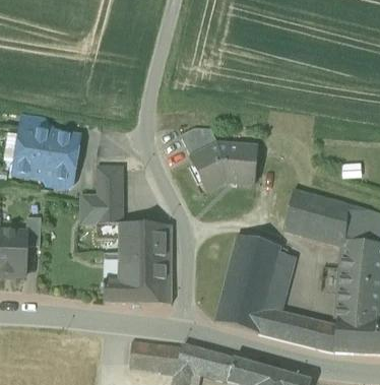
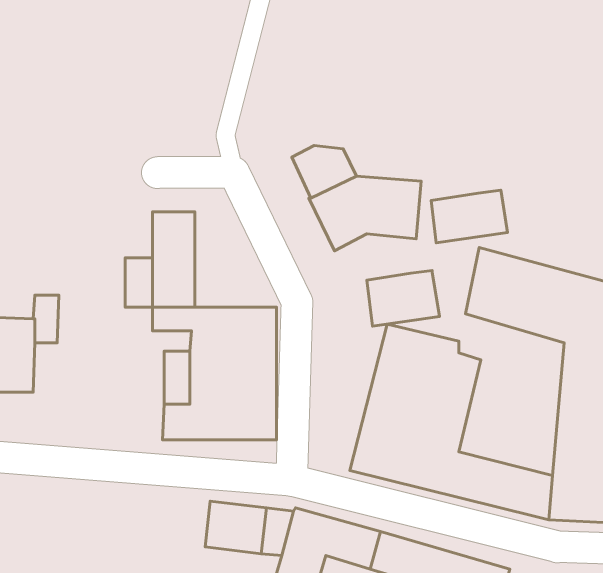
building: [15,128,78,181] -> none
building: none -> [431,190,508,243]
building: none -> [367,271,439,326]

